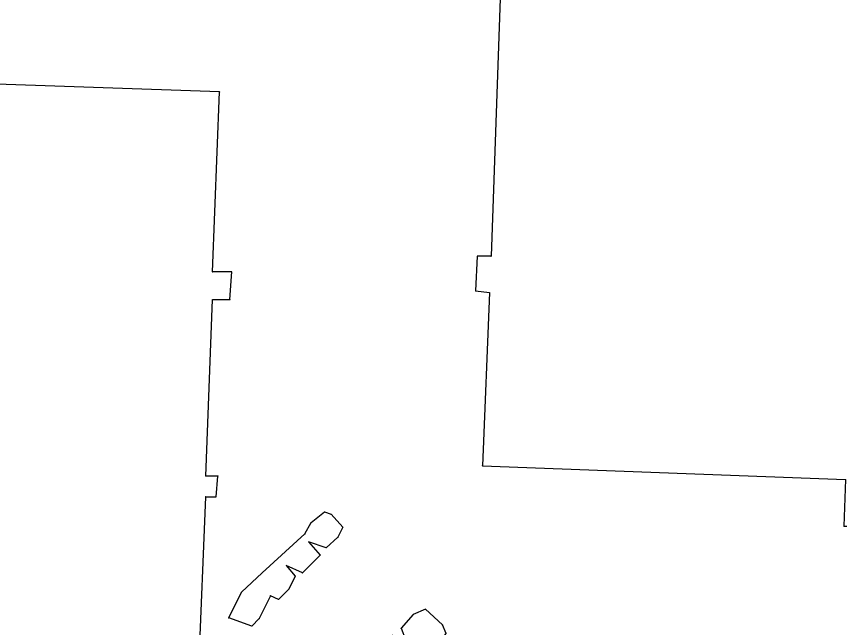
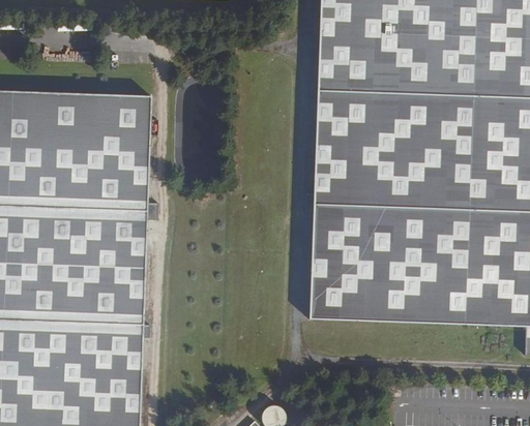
building: [229,512,343,626] -> none

